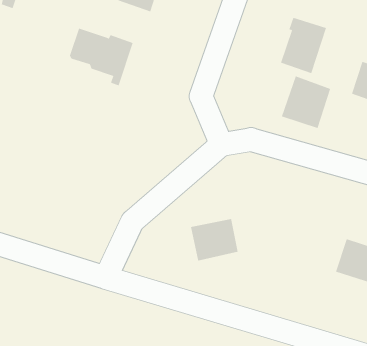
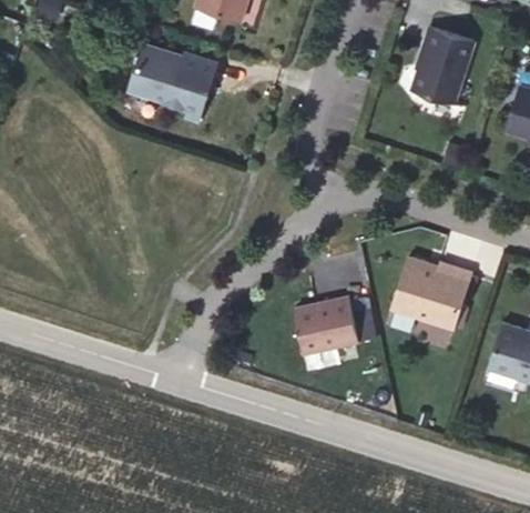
building: [281,76,331,129] -> none
building: none -> [390,258,471,330]

